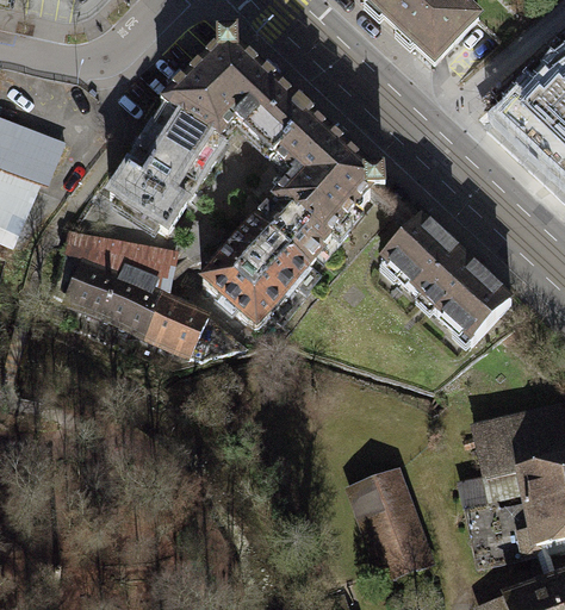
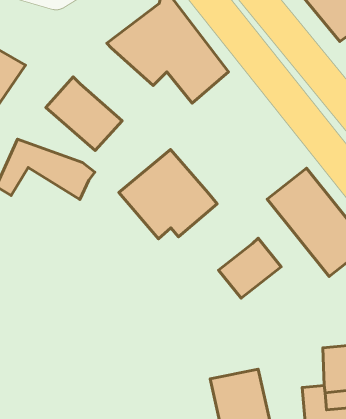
building: [135,104,223,189] -> none
building: [255,112,383,261] -> none
building: [72,262,243,355] -> none
building: none -> [218,238,281,298]

